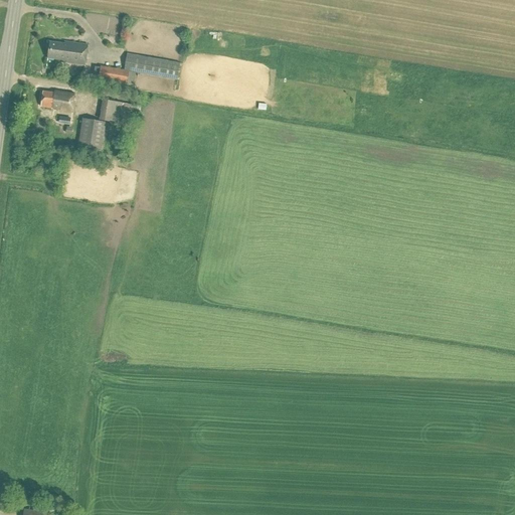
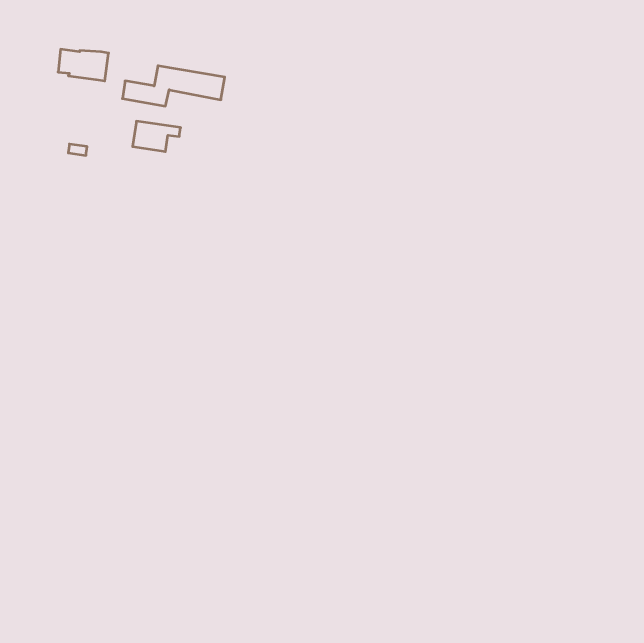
building: [40,89,73,111] -> none
building: [76,117,105,149] -> none

